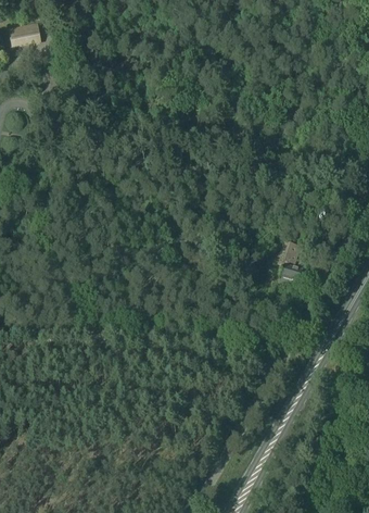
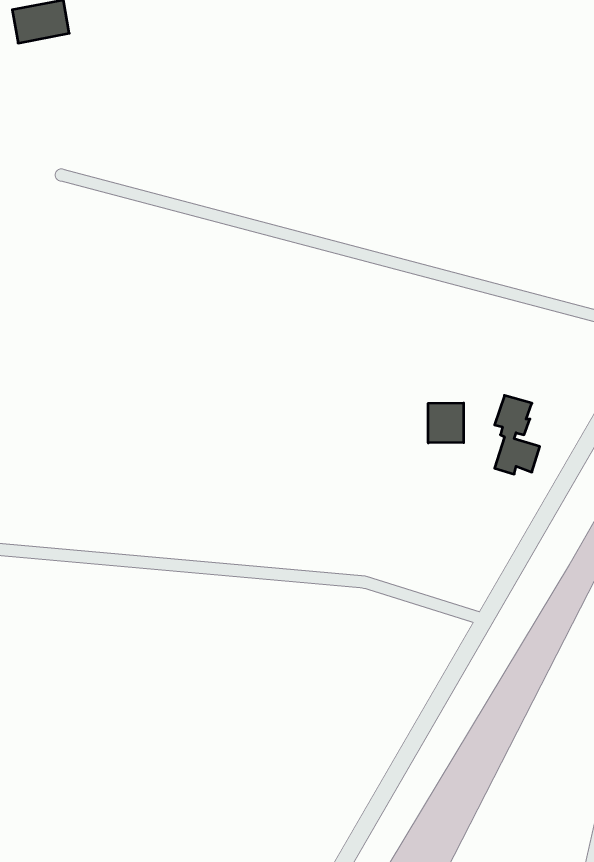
building: none -> [428,403,464,443]

